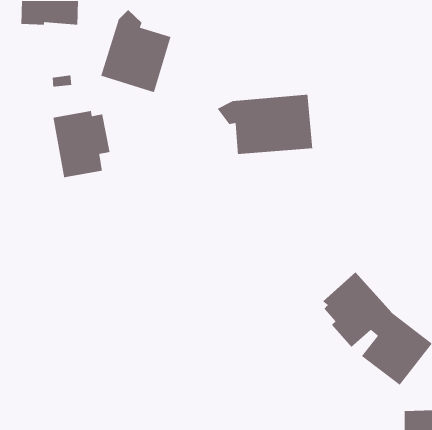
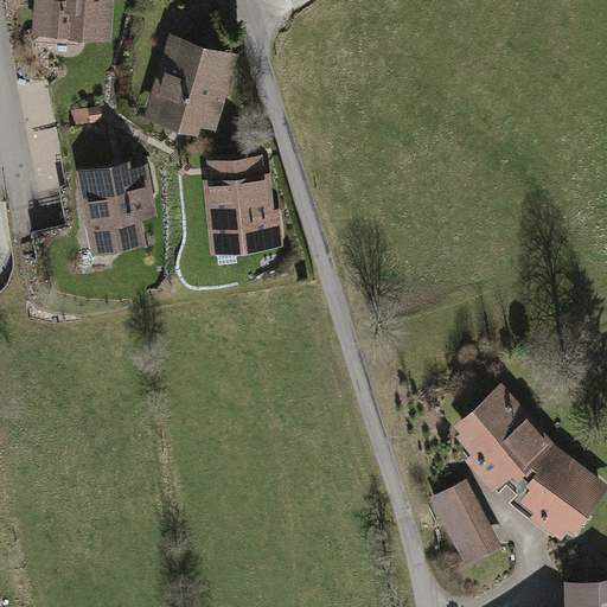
building: [216,94,313,155] -> none
building: none -> [205,155,277,256]
building: none -> [428,481,501,569]

